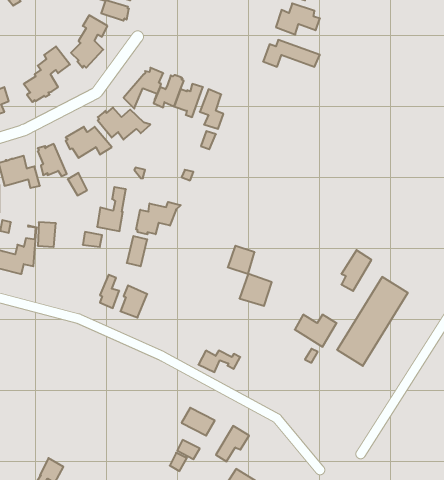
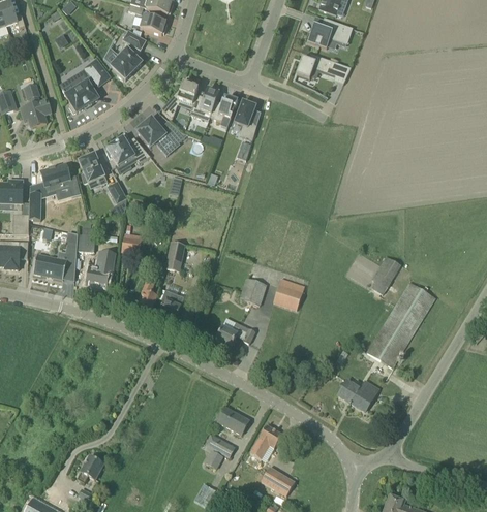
building: [97,187,126,231] -> [85,247,113,289]
building: [136,202,181,234] -> none
building: [228,246,255,274] -> [240,278,266,305]
building: [295,315,337,347] -> [338,380,378,411]
building: [198,351,240,372] -> [215,325,255,346]

